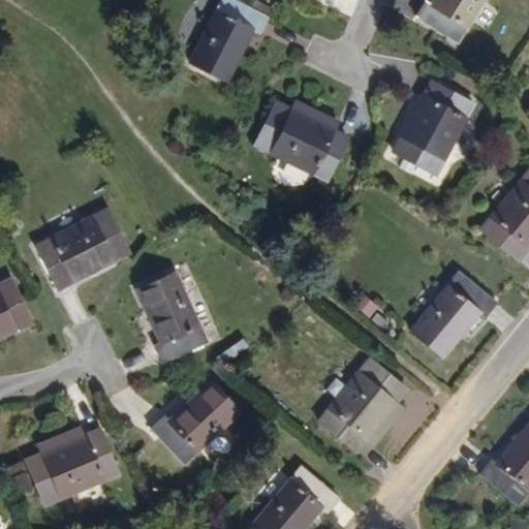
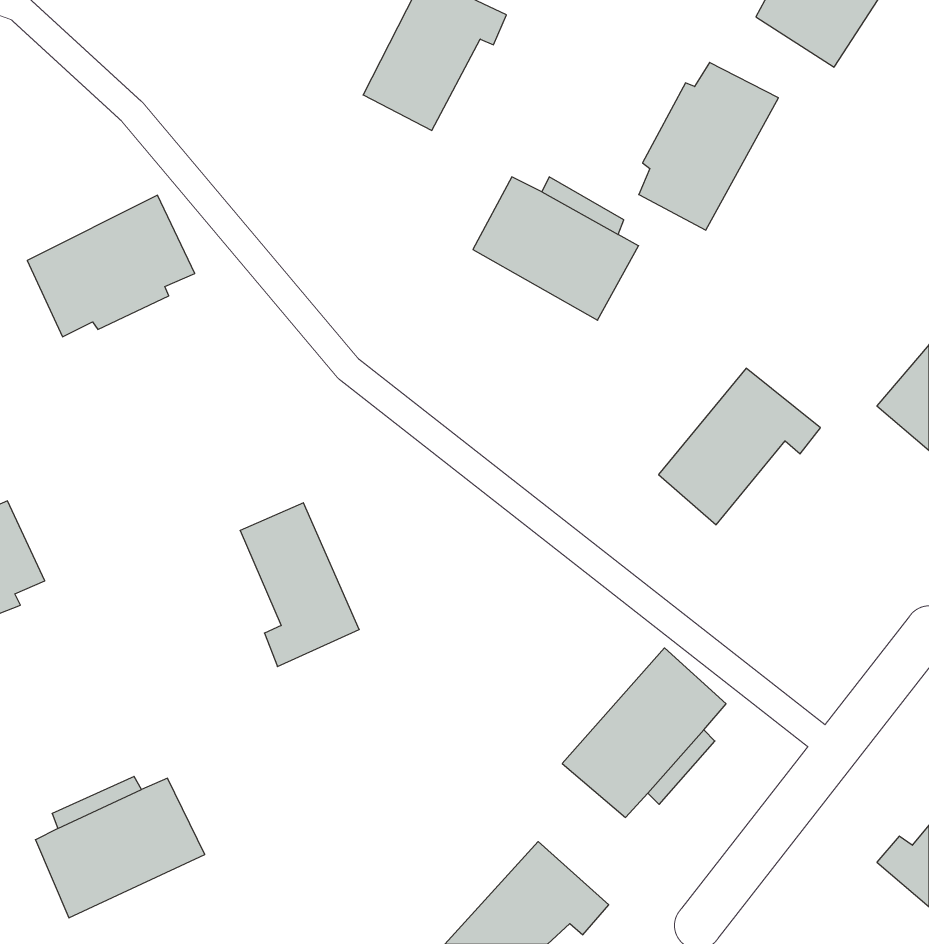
building: [402,79,479,172] -> [639,62,778,230]
building: [32,210,125,288] -> [27,195,195,337]
building: [413,270,503,356] -> [659,368,820,525]
building: [137,383,229,463] -> none

